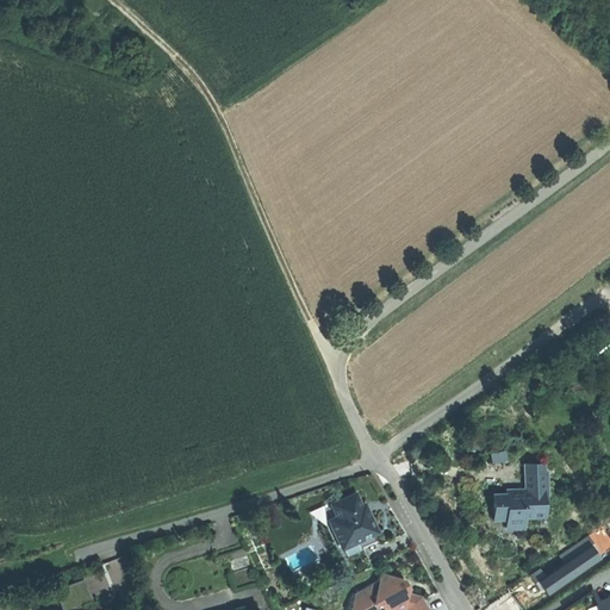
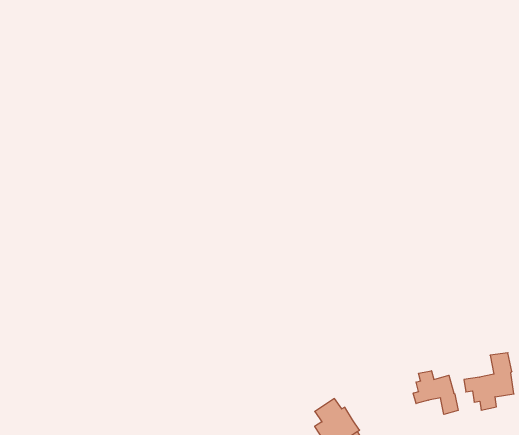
building: none -> [413,371,458,414]

